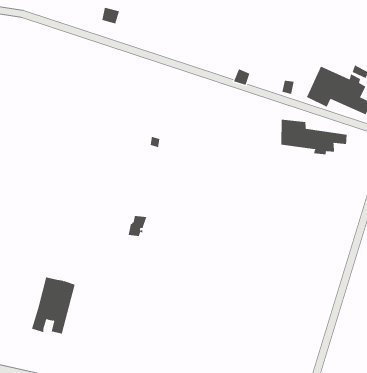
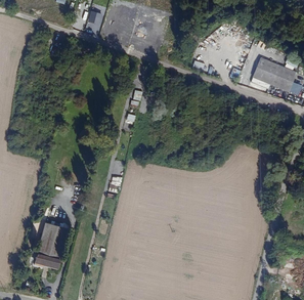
building: [281,119,347,155] -> none

